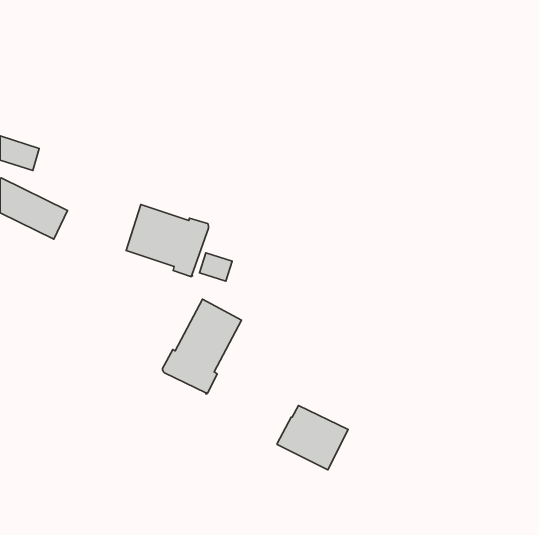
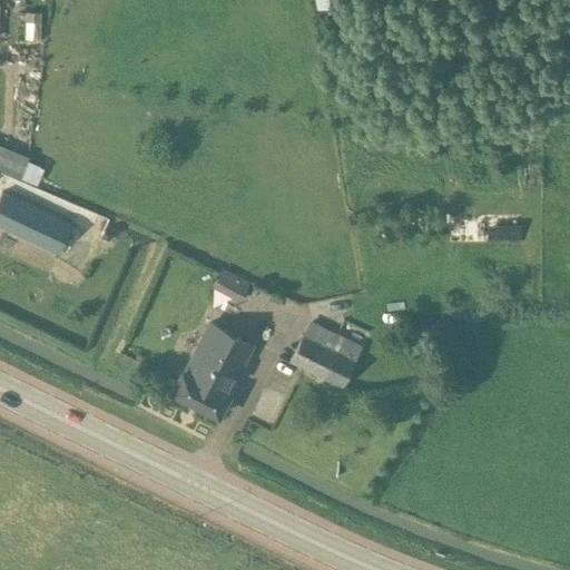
building: [126,205,209,277] -> none
building: [277,405,348,470] -> [288,323,363,391]

